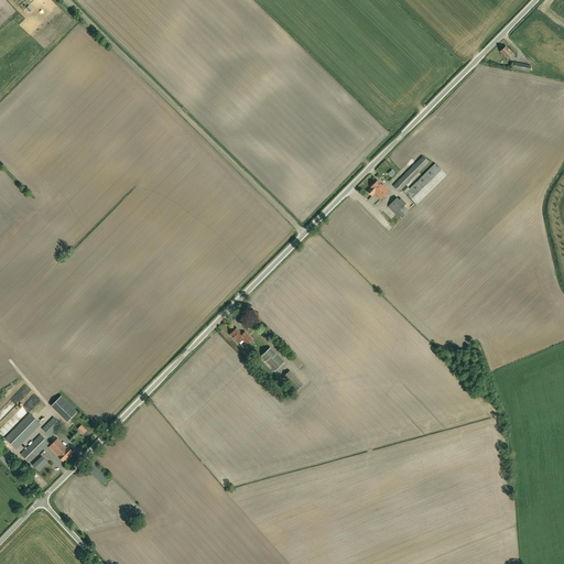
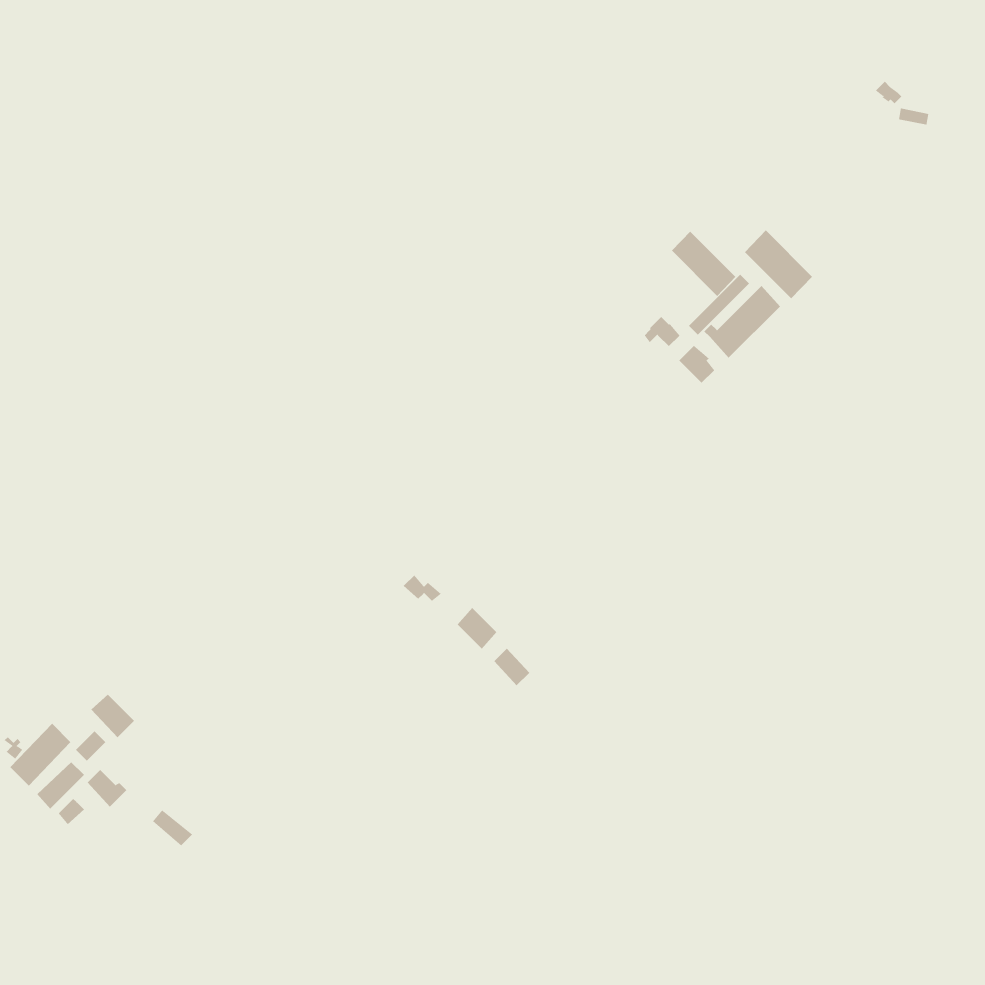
building: none -> [744,230,813,299]
building: none -> [671,231,736,297]

